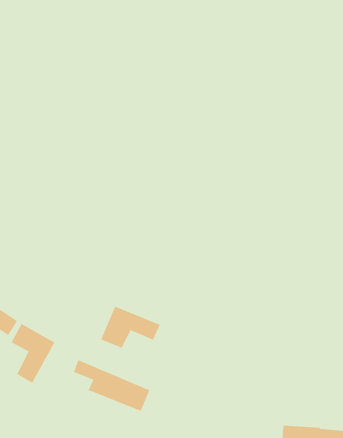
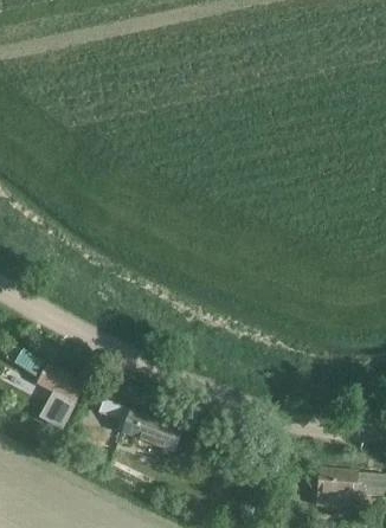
building: [100,306,160,349] -> none

